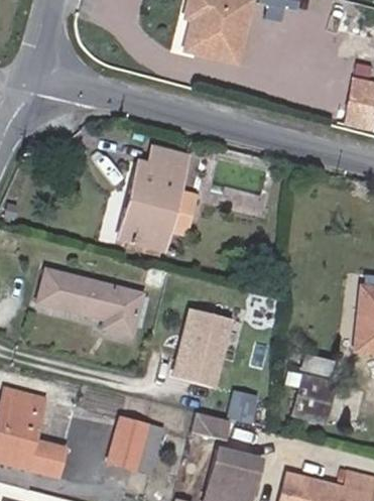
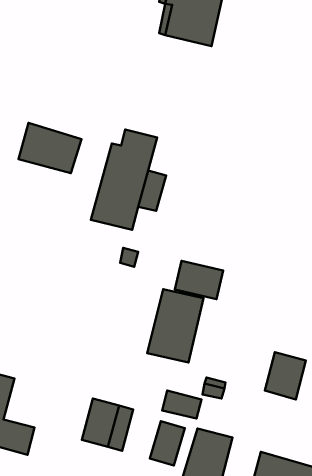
building: none -> [18,123,81,173]
building: [39,272,139,335] -> none
building: none -> [175,261,223,299]
building: none -> [150,421,185,466]

